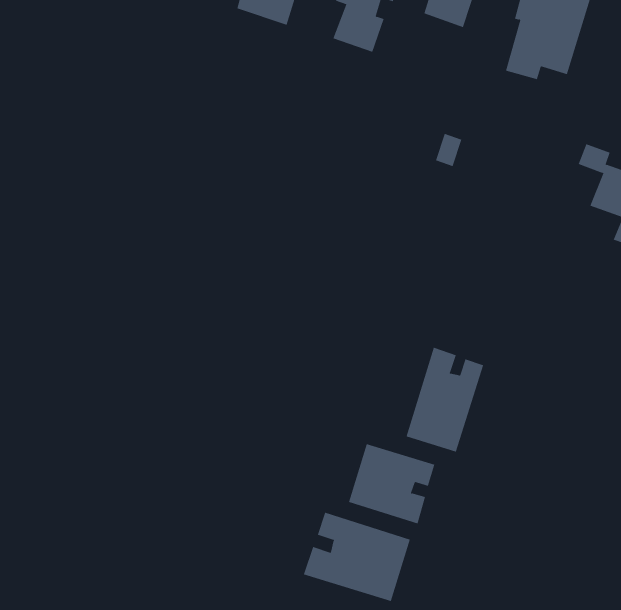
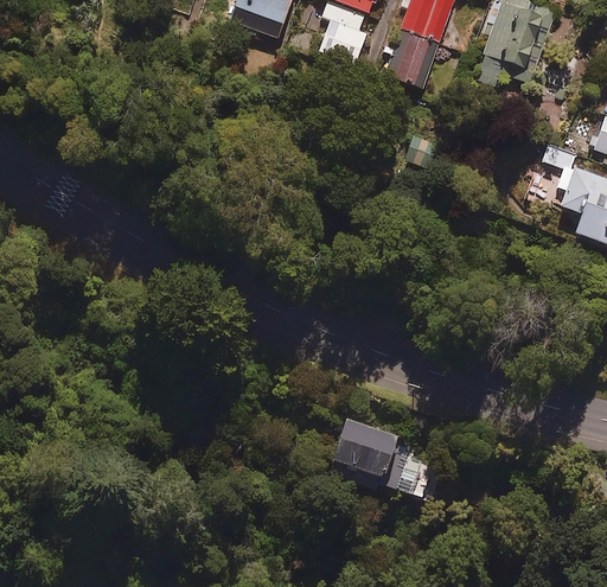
building: none -> [385,25,439,85]
building: [406,347,484,452] -> none
building: [303,512,411,602] -> none

